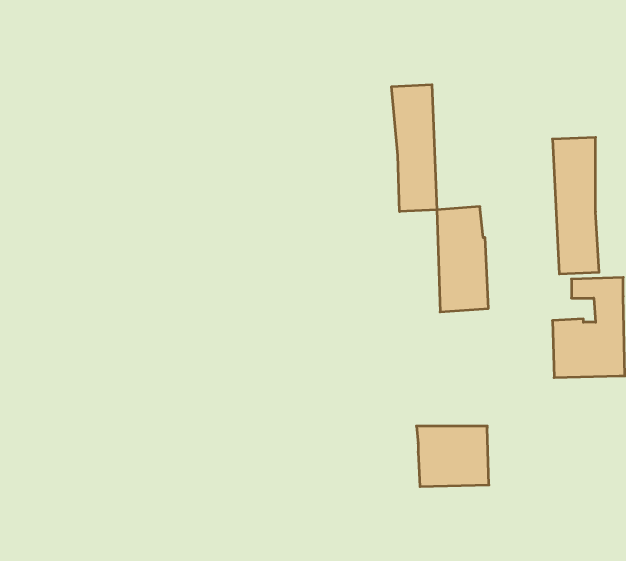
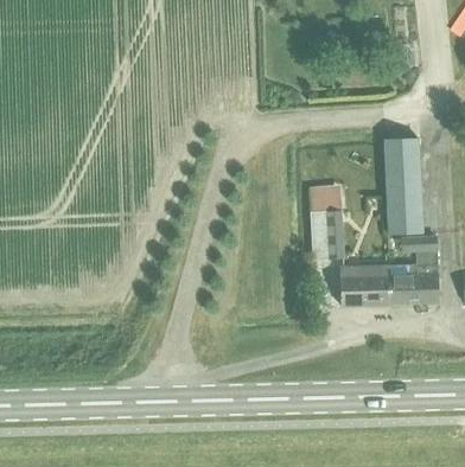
building: [392,85,437,212] -> none
building: [416,426,489,487] -> [338,263,388,305]

